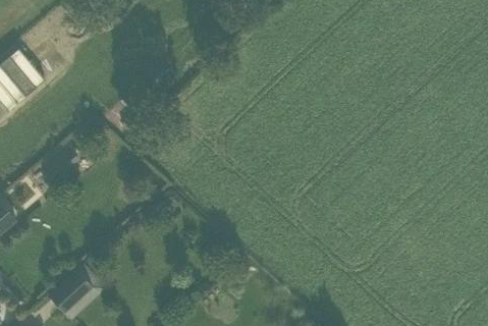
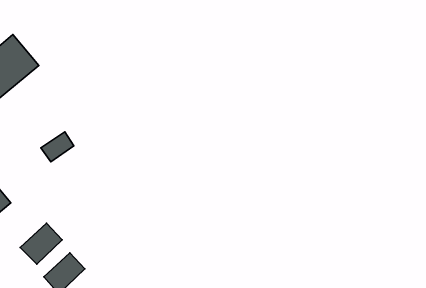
building: none -> [20,223,62,264]

